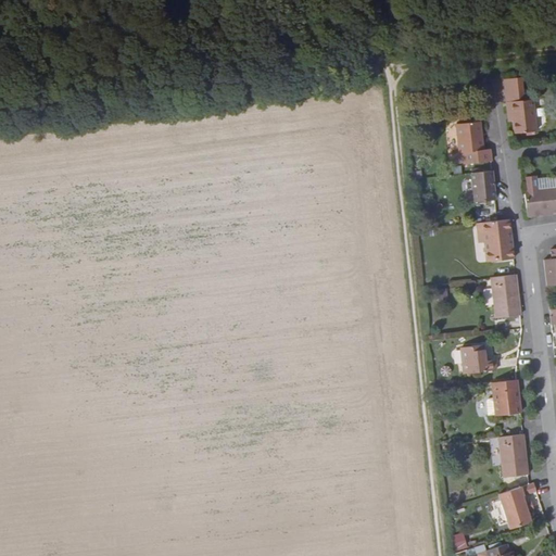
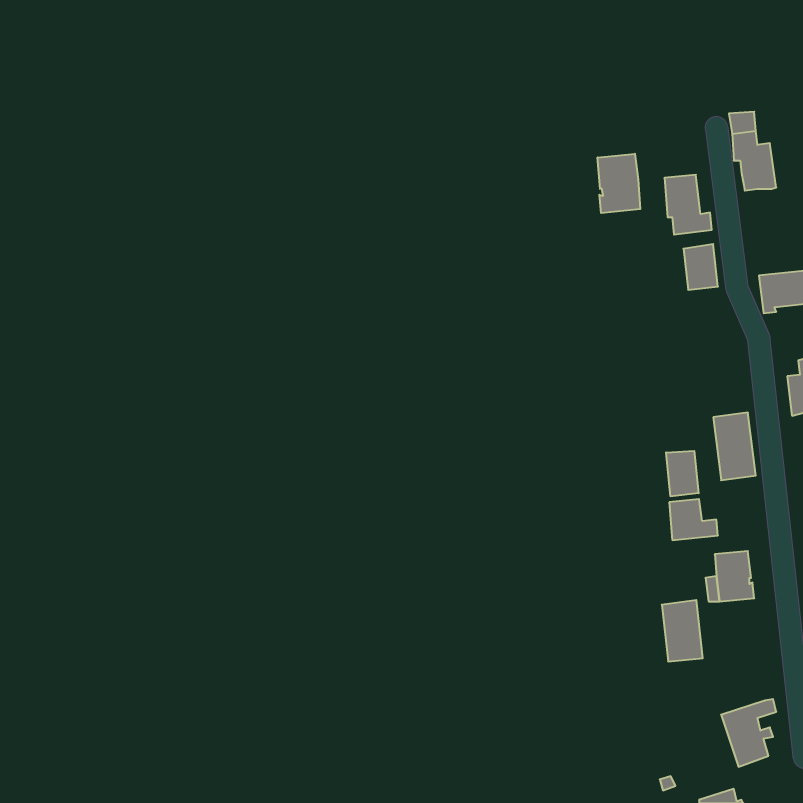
building: none -> [598,154,640,213]
building: [478,218,515,260] -> none
building: none -> [666,451,699,496]
building: [500,433,528,476] -> [662,600,703,661]

